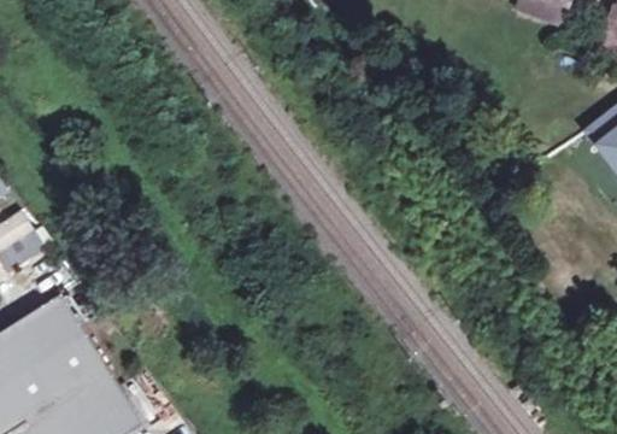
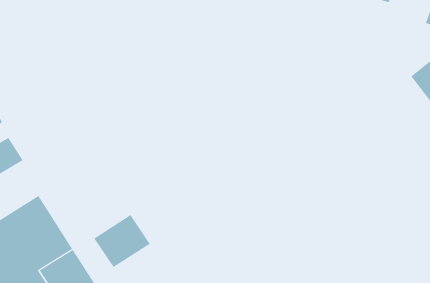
building: none -> [94,214,150,268]

